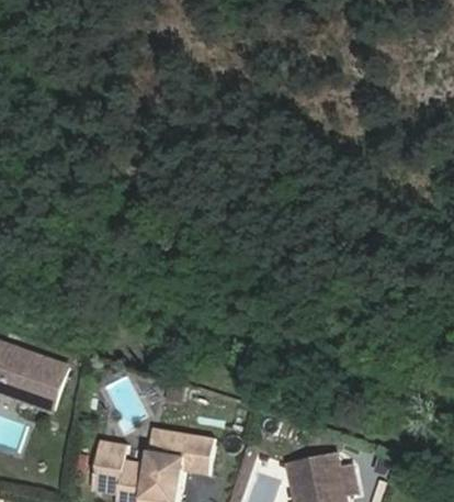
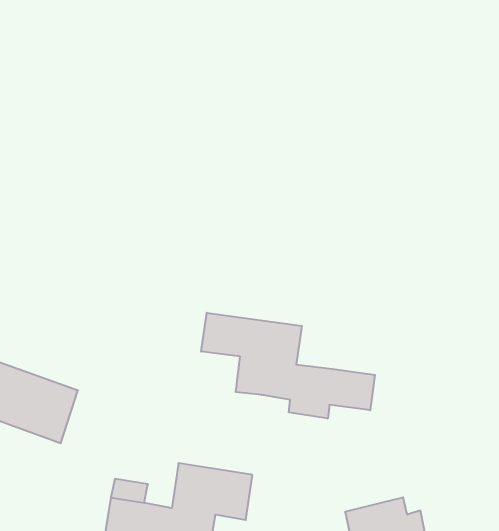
building: none -> [201,313,375,419]

